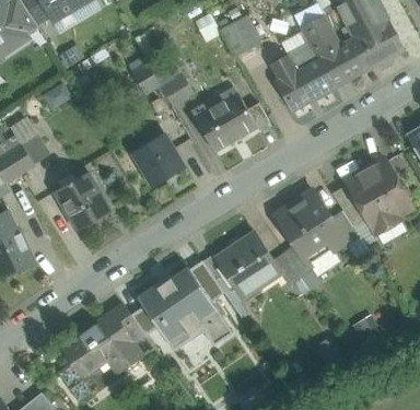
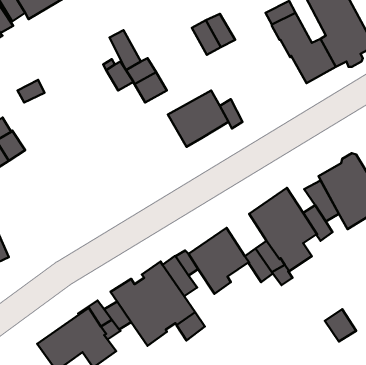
building: [270,43,335,110] -> none
building: [132,134,184,187] -> none
building: [54,174,109,231] -> none

